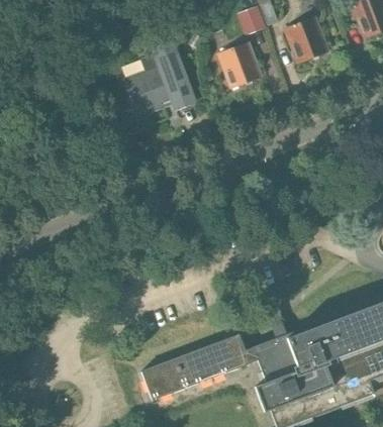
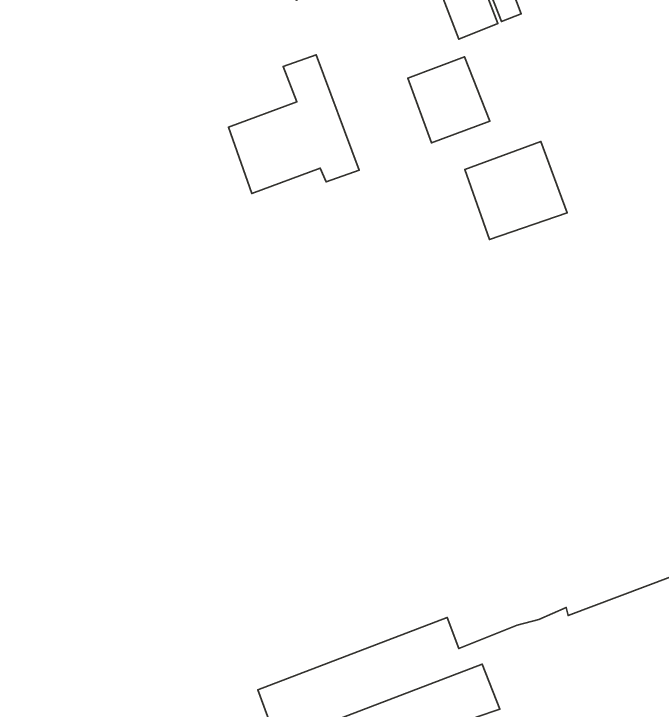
building: [286,18,328,63] -> none
building: none -> [465,141,567,239]

